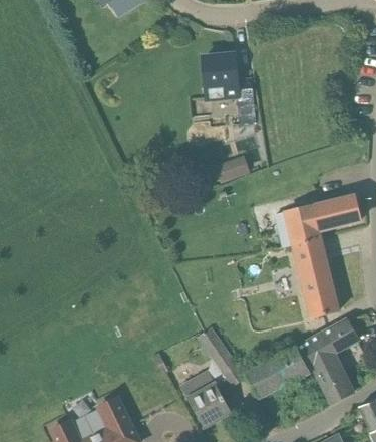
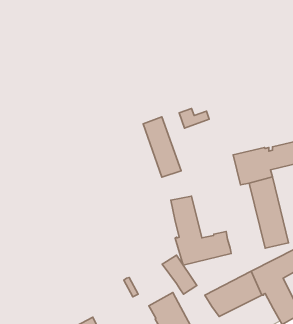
building: [204,53,255,124] -> none
building: none -> [143,117,181,177]
building: none -> [171,196,231,265]

